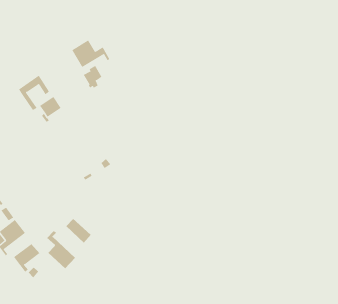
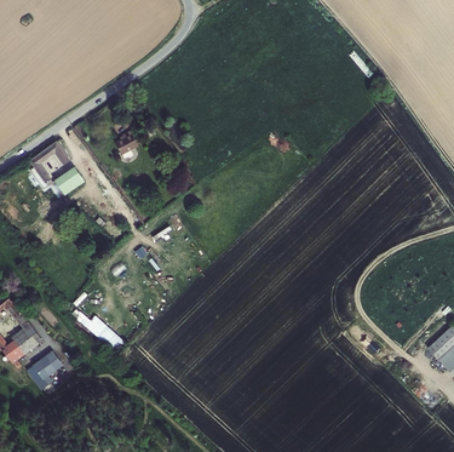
building: [72,40,110,68] -> none
building: [46,230,76,269] -> none

